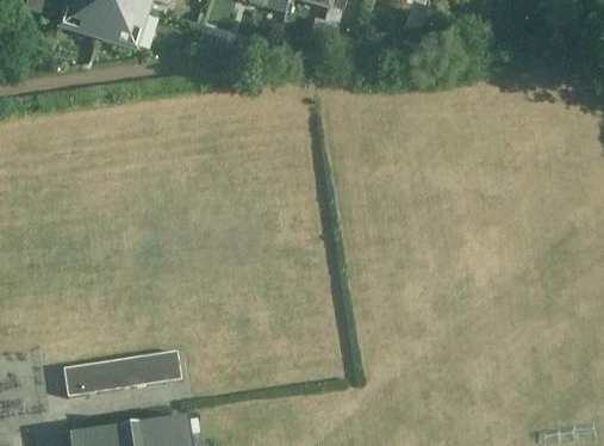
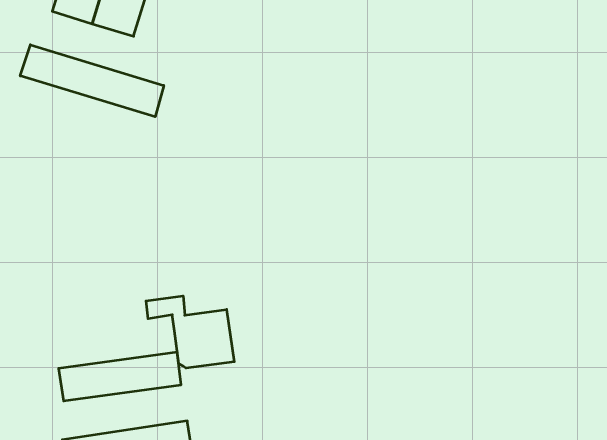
building: none -> [20,45,164,117]
building: none -> [146,296,234,368]

